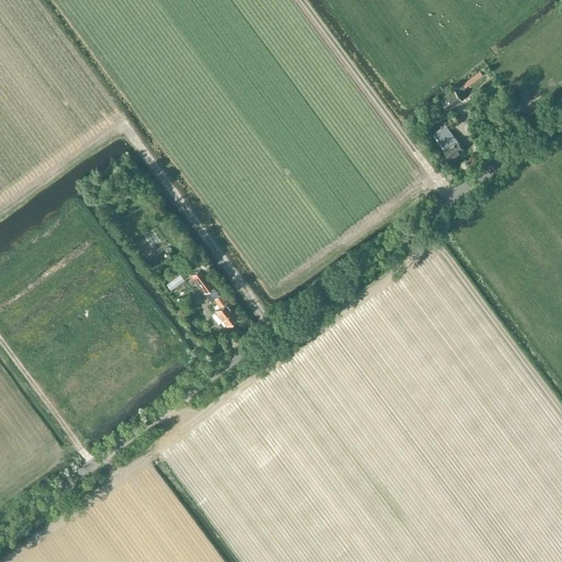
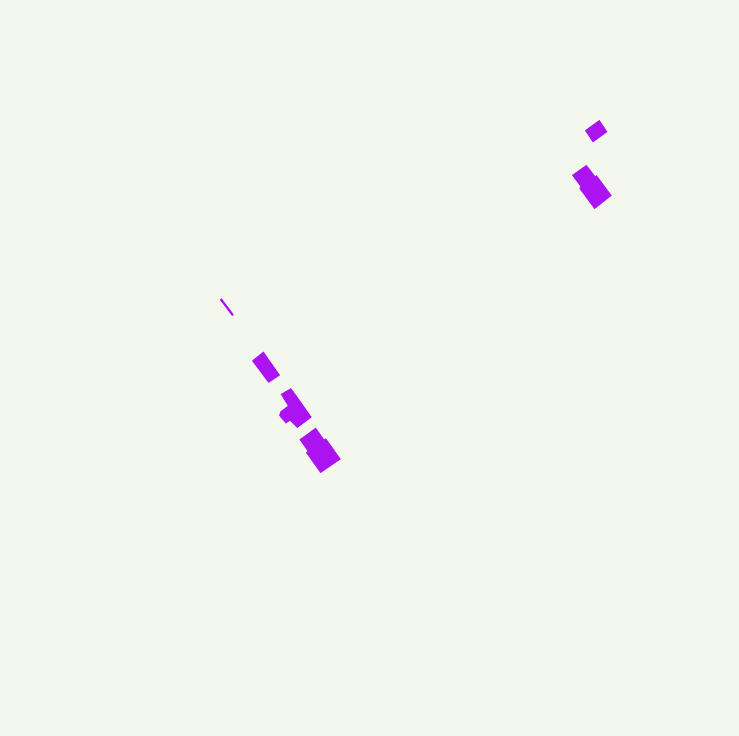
building: none -> [298,426,342,474]

